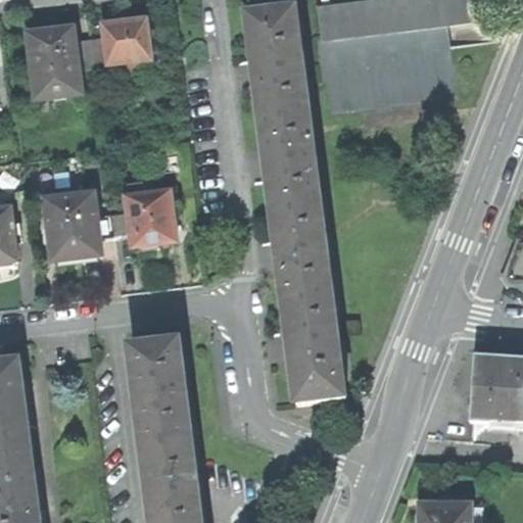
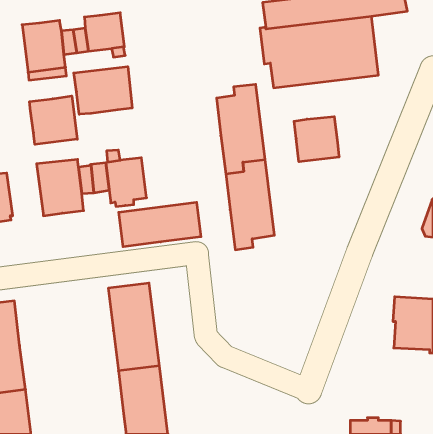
building: [246,6,306,117] -> none
building: none -> [74,67,132,114]
building: none -> [30,96,77,144]
building: none -> [294,117,339,162]
building: none -> [119,202,201,247]
building: [282,282,343,400] -> none

